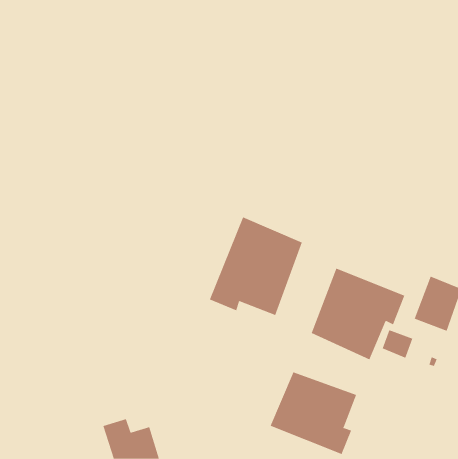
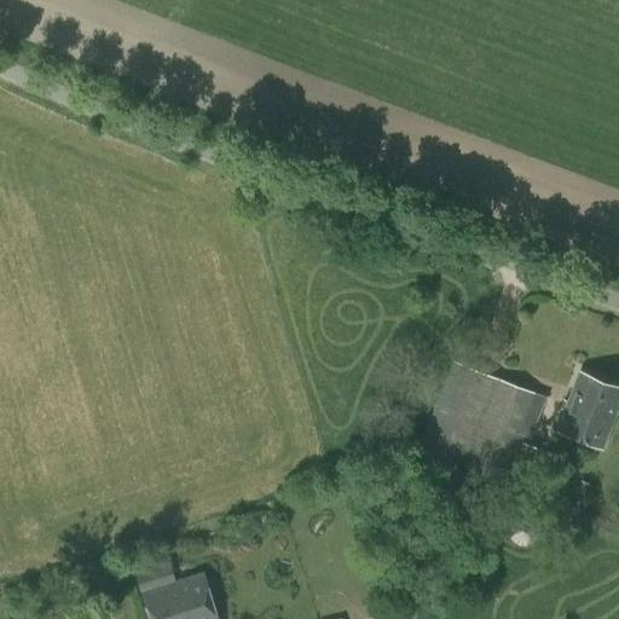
building: [209,217,302,316] -> none
building: [270,371,357,455] -> none

